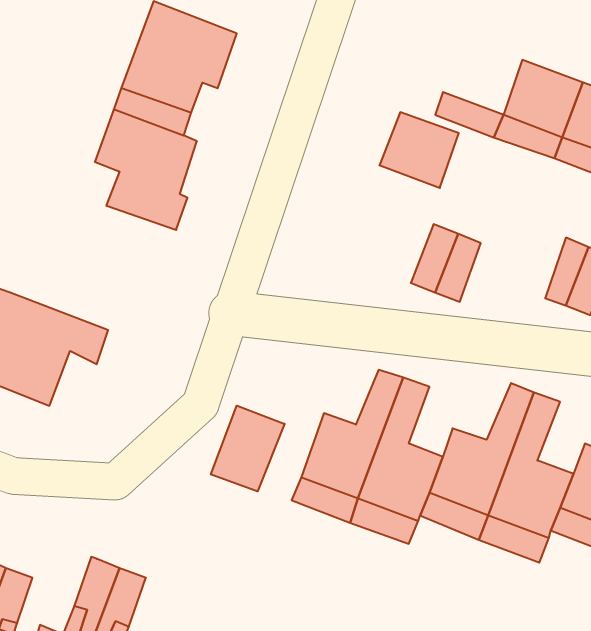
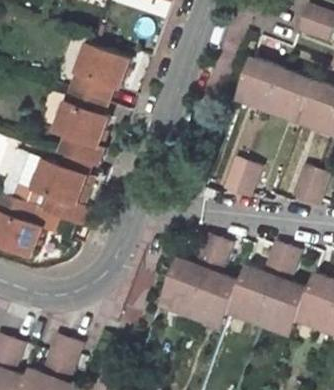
building: [379,112,459,188] -> [239,59,281,99]
building: none -> [10,149,85,218]
building: [211,406,285,491] -> none

